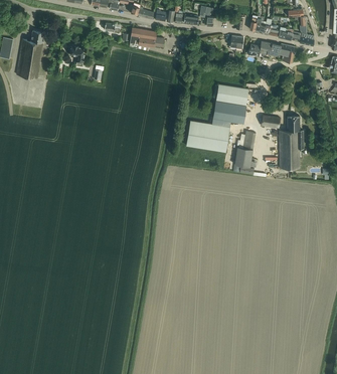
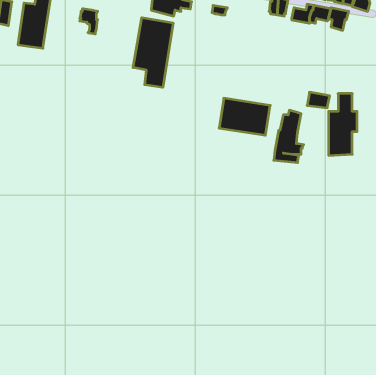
building: none -> [133,18,173,87]
building: [212,83,247,123] -> none

